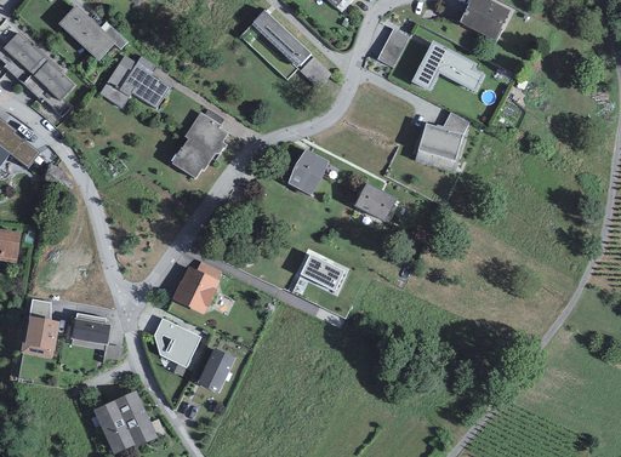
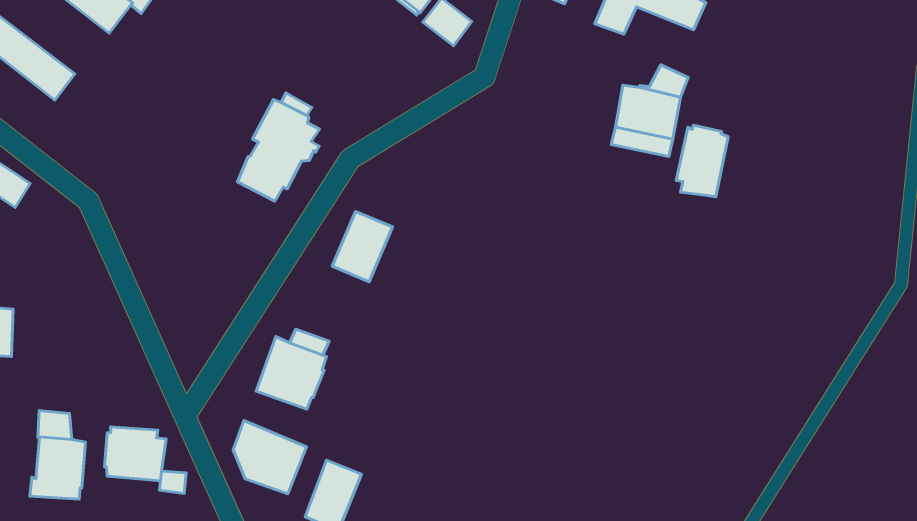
building: [99,55,170,108] -> none
building: [287,148,329,194] -> [332,211,393,282]
building: none -> [676,125,728,197]
building: [354,182,397,221] -> none
building: [300,252,346,291] -> none

